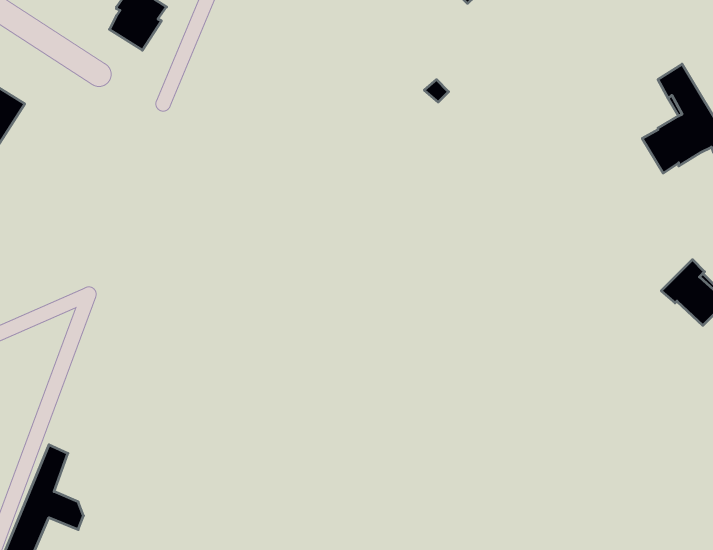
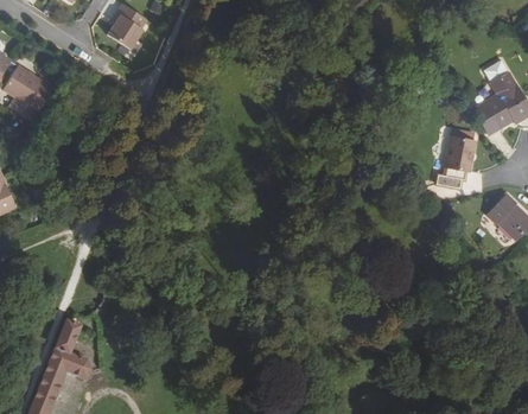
building: none -> [437,135,475,190]

